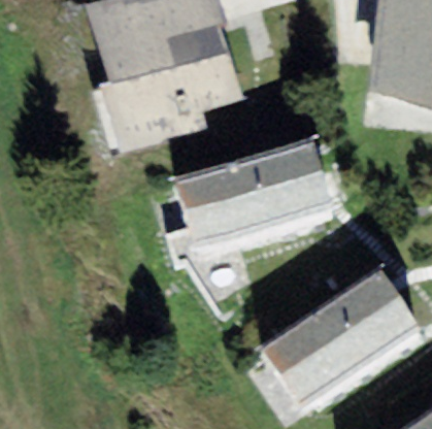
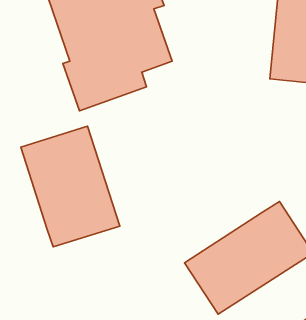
building: [173,145,336,257] -> none
building: none -> [21,126,120,247]

